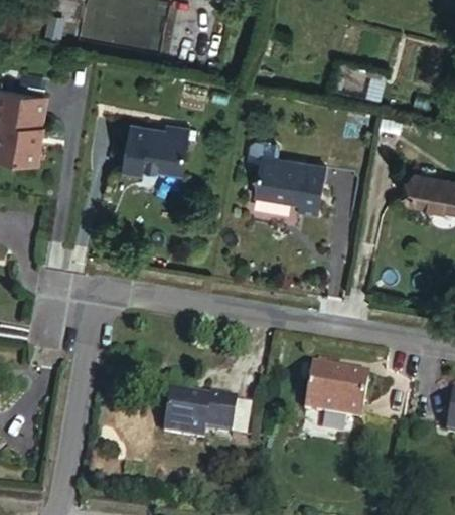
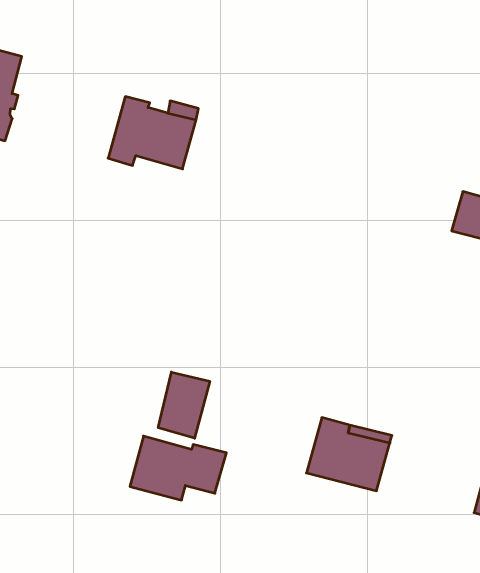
building: [247,138,325,216] -> none
building: none -> [158,372,210,438]

